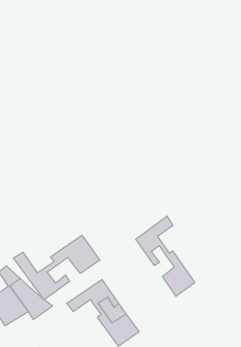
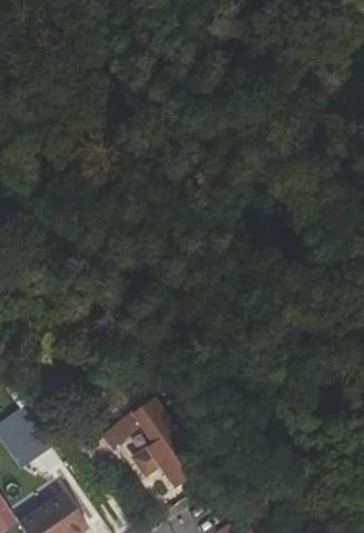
building: [136,216,195,296] -> none
building: [13,235,100,300] -> none

